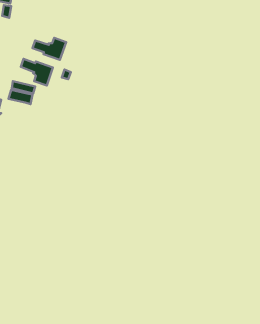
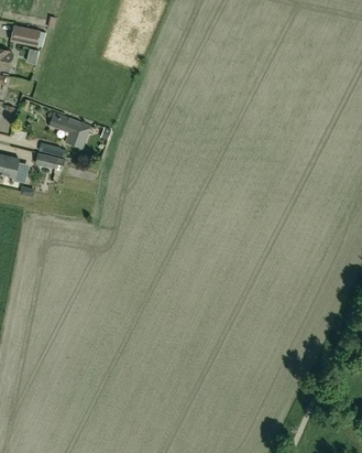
building: [32,38,66,60] -> none

